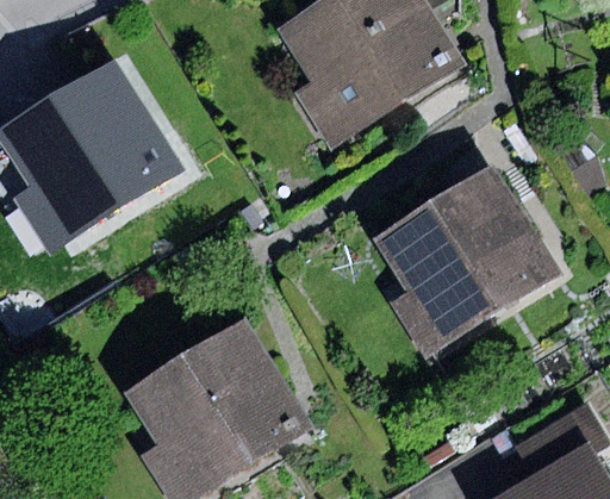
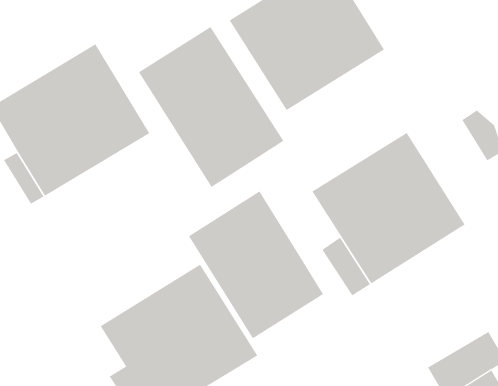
building: none -> [138,26,284,188]
building: none -> [188,190,324,339]

